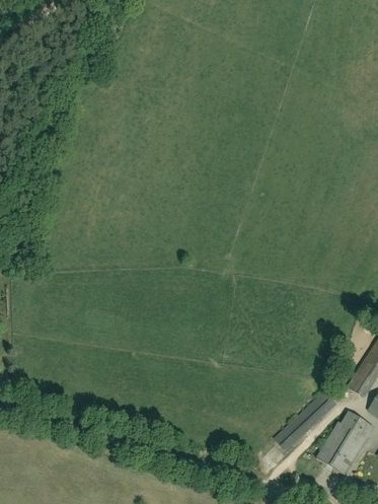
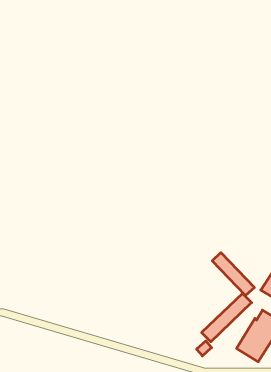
building: none -> [212,253,254,296]

